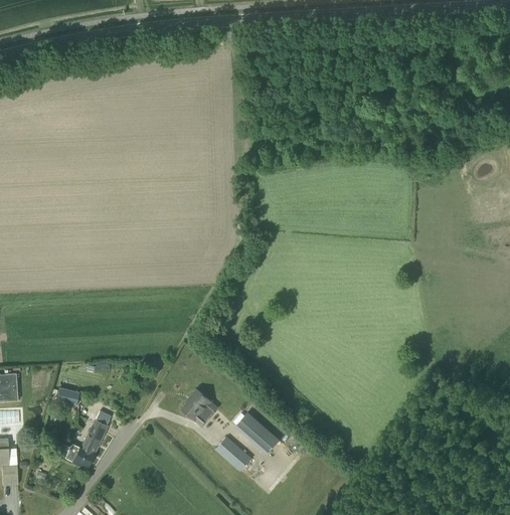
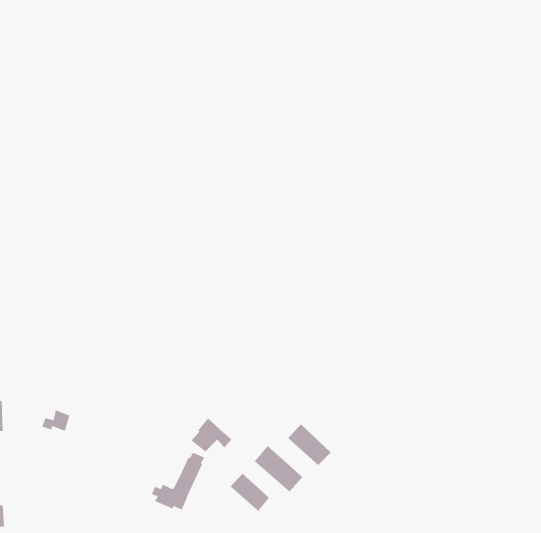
building: none -> [288,424,332,466]
building: [61,414,109,466] -> [151,452,205,510]

